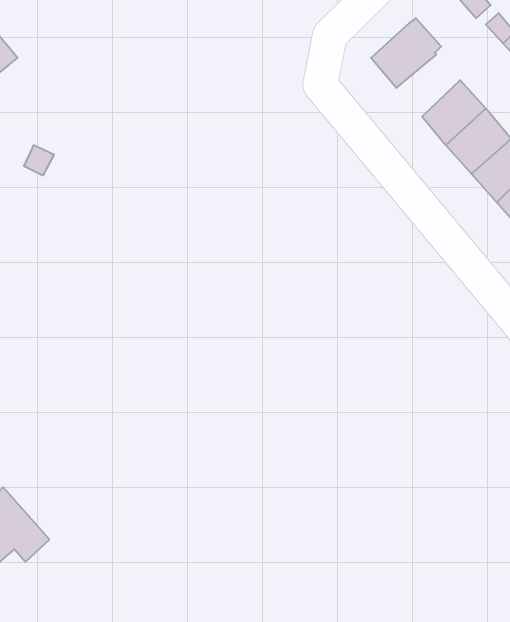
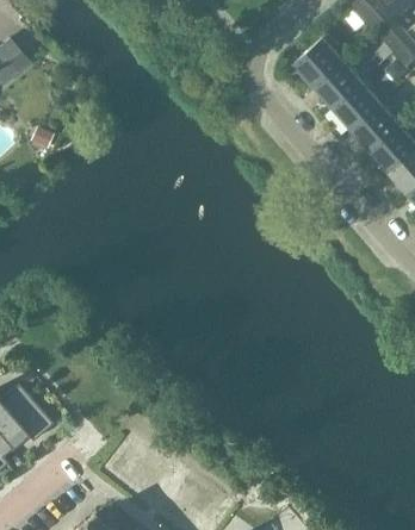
building: none -> [312,62,360,108]

